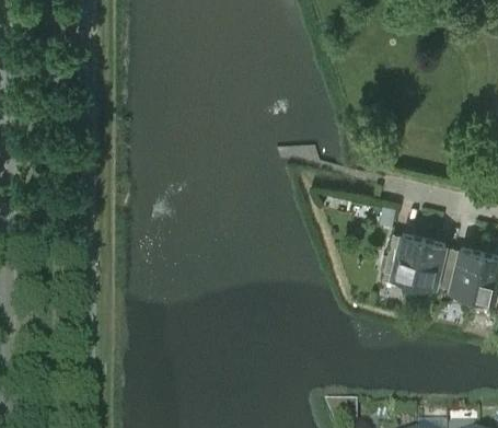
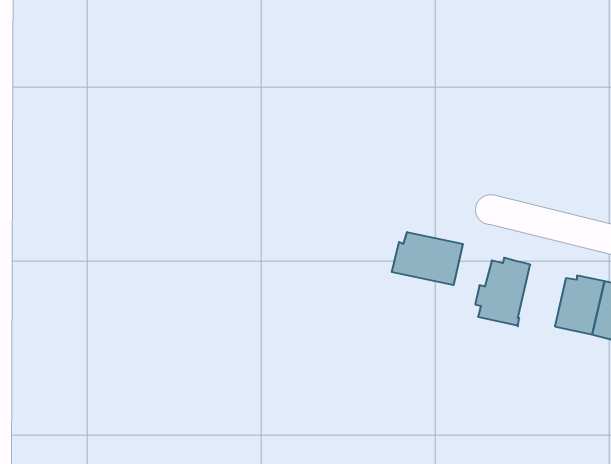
building: none -> [392,232,463,285]
building: [416,235,454,285] -> none

